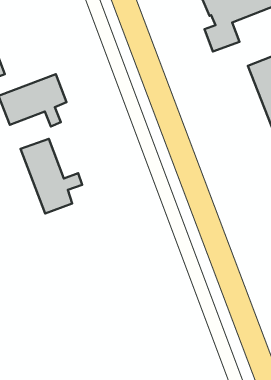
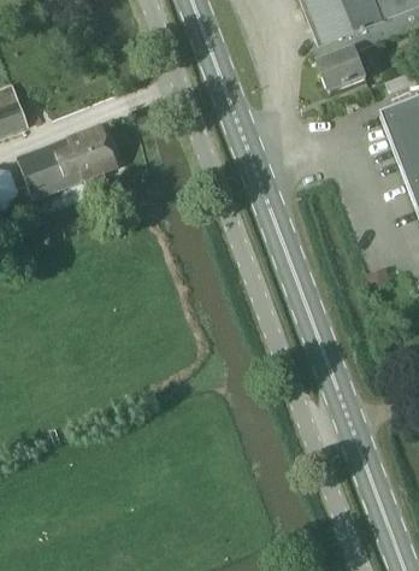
building: [21,139,82,214] -> none

